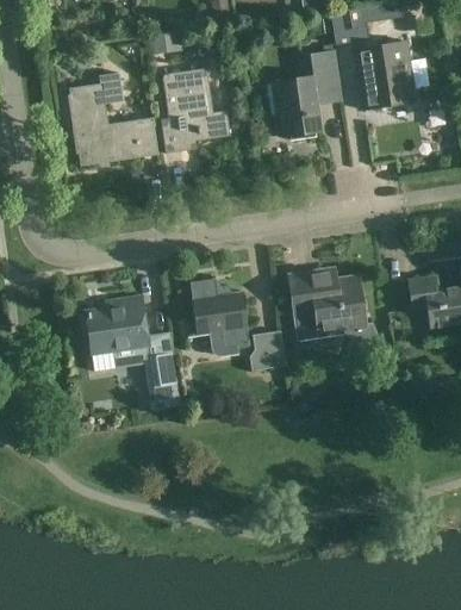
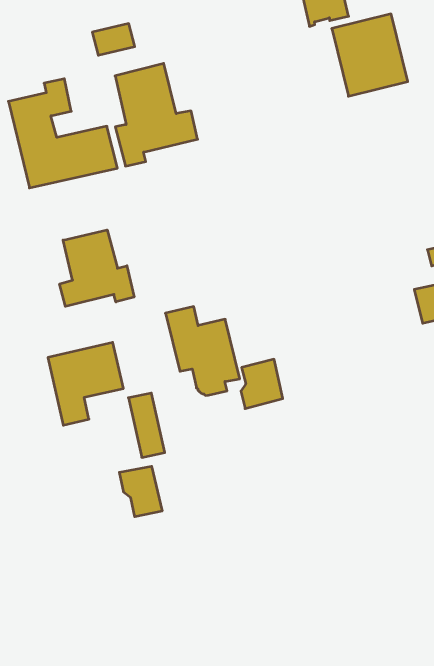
building: [267,52,339,136] -> none
building: none -> [60,230,134,306]
building: [288,272,380,347] -> none
building: none -> [119,466,162,517]

